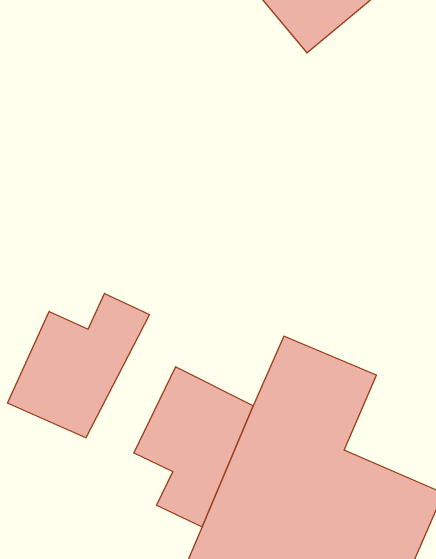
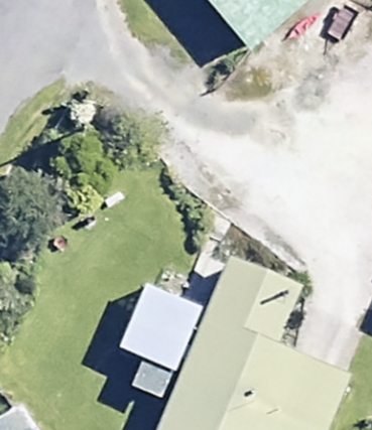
building: [7,293,150,438] -> none

